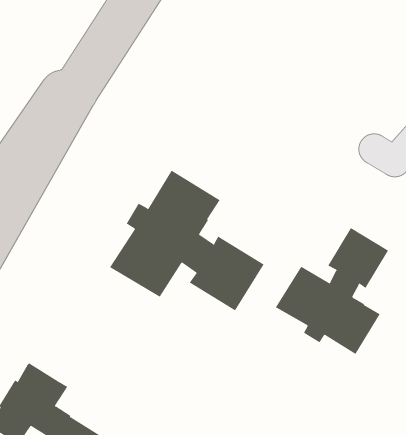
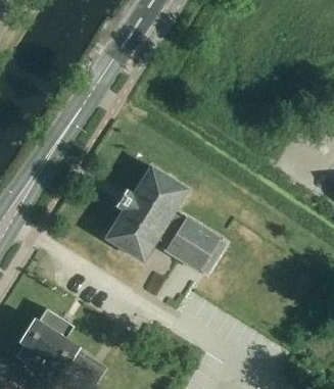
building: [275,227,389,355] -> none

